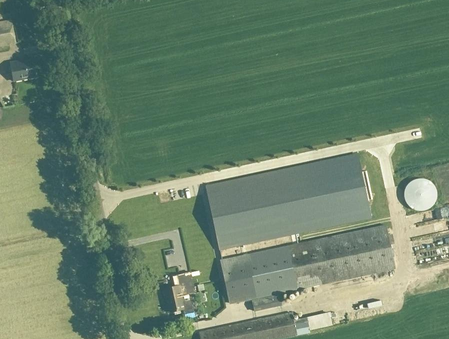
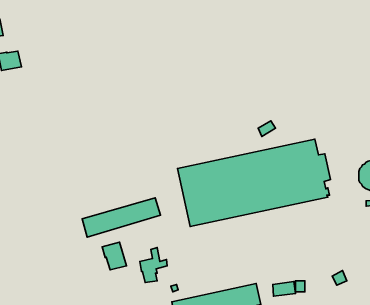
building: none -> [82,198,161,237]
building: [221,224,394,310] -> none
building: none -> [102,242,126,270]

